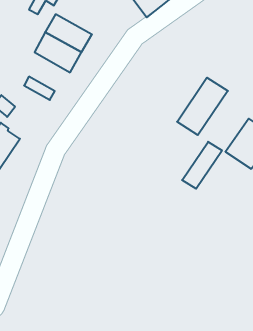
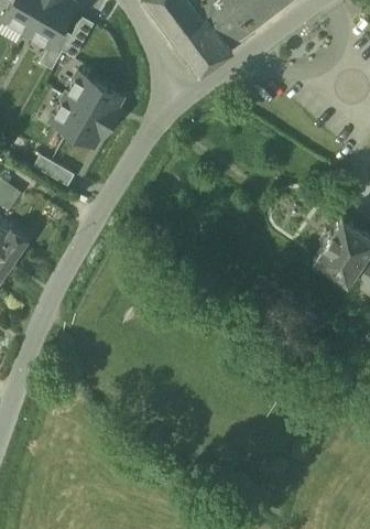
building: [177,78,228,135] -> none
building: [182,142,222,189] -> none

